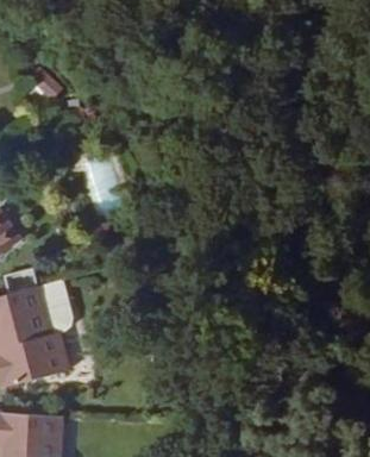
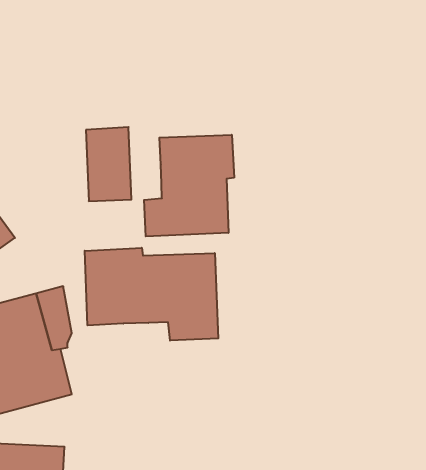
building: none -> [144,135,234,236]
building: none -> [85,248,218,341]

